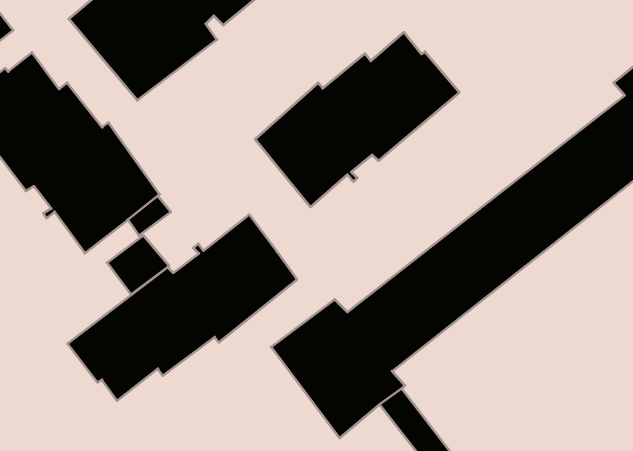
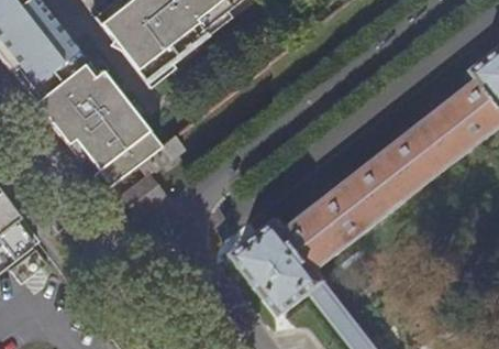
building: [255,32,459,207] -> none
building: [68,215,297,401] -> none

